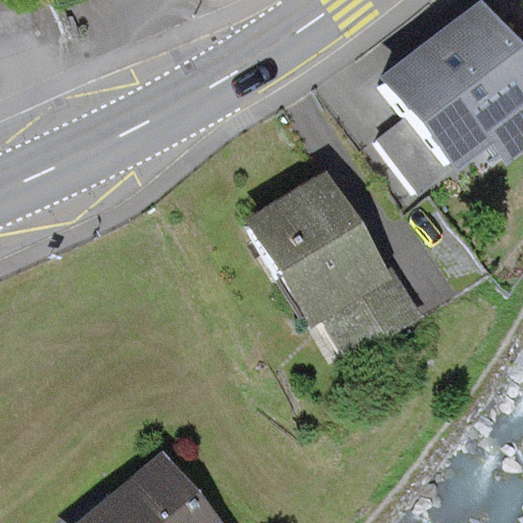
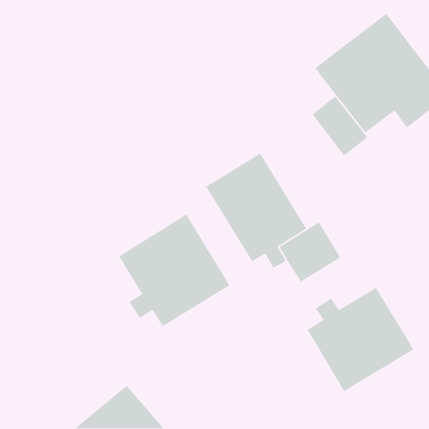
building: none -> [118,214,231,327]
building: none -> [306,287,414,392]

